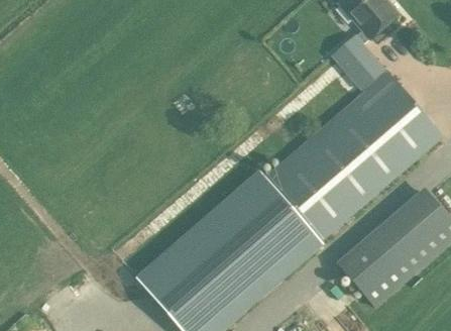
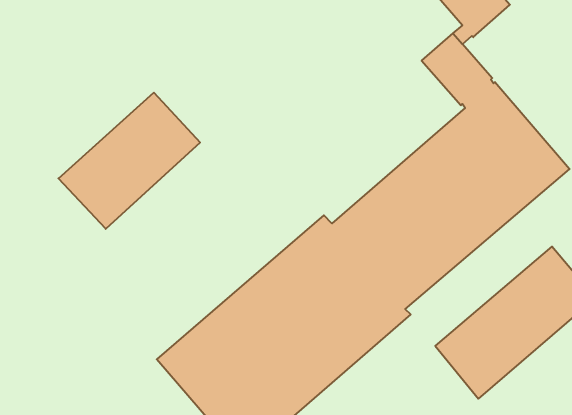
building: none -> [58,93,200,229]

